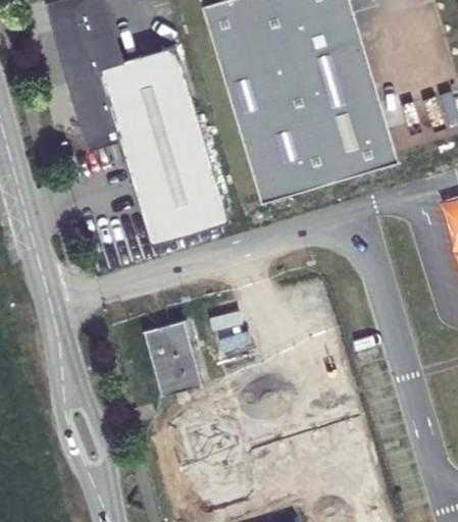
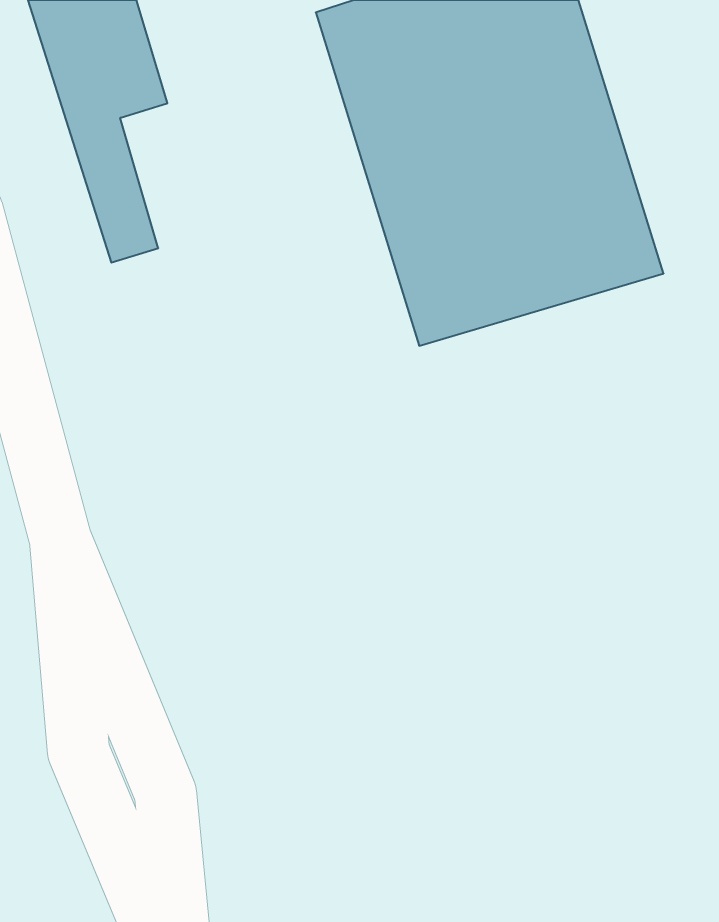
building: [94,44,225,246] -> none
building: [144,318,203,397] -> none

